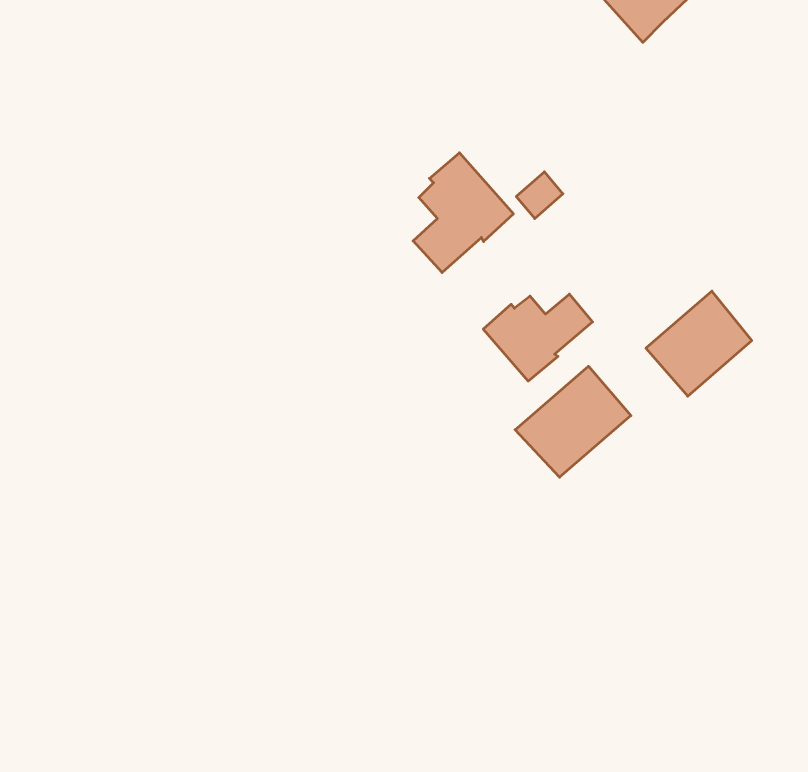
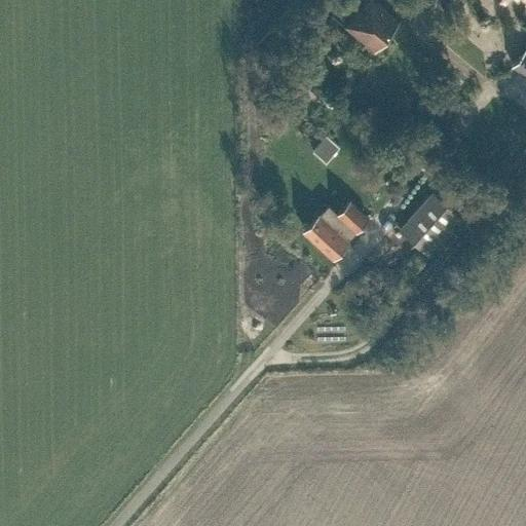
building: [413,153,513,273] -> none
building: [515,366,631,477] -> none

